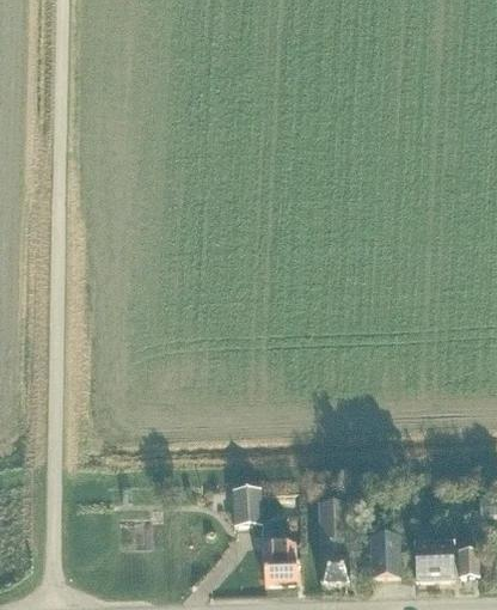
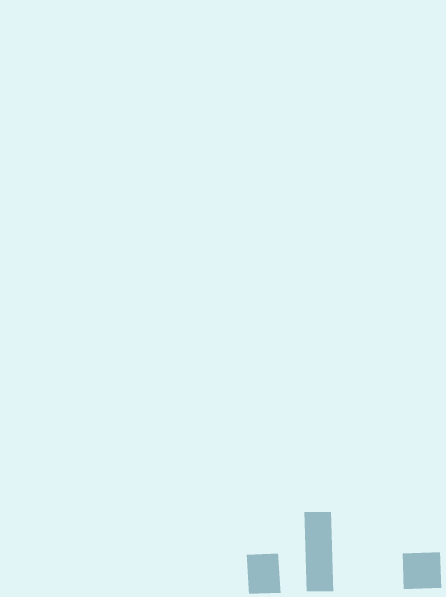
building: [232,484,263,523] -> none
building: [370,535,400,574] -> none

